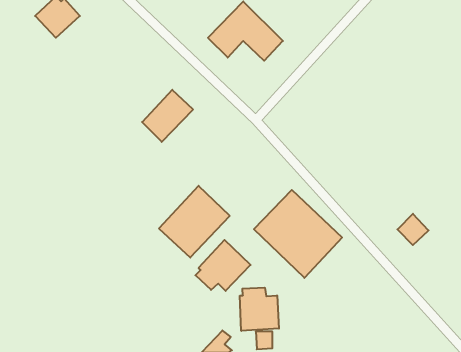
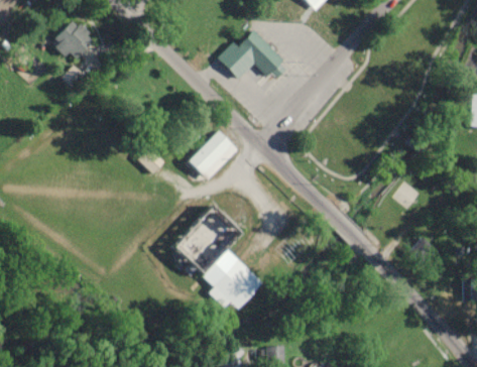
building: [142,90,193,142] -> [187,130,236,180]
building: [254,190,342,278] -> none
building: [240,288,279,331] -> none

